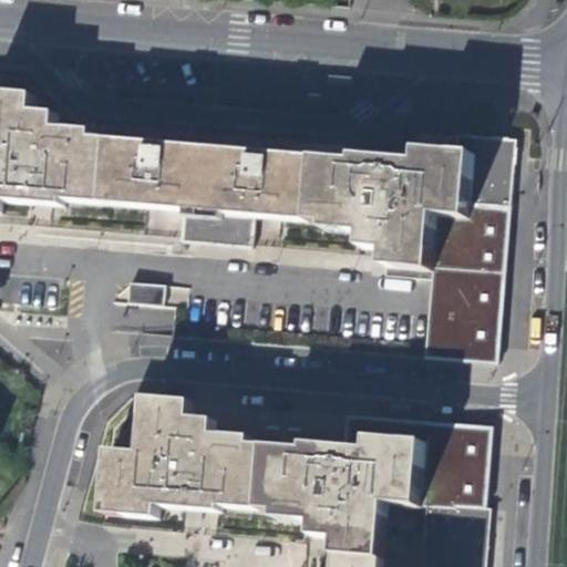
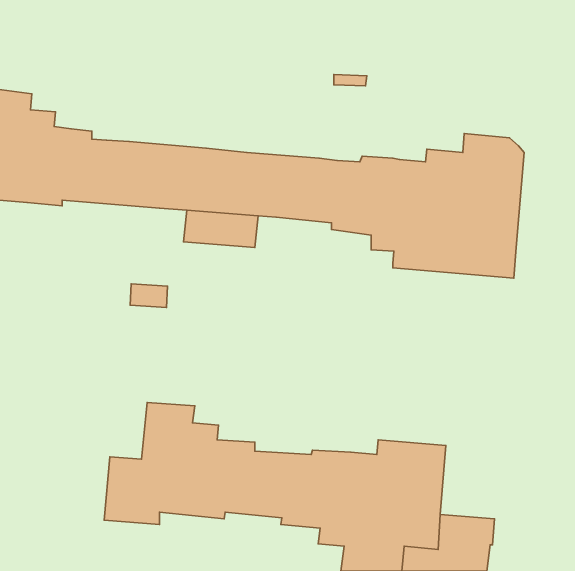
building: [384,262,503,358] -> none
building: [343,411,491,508] -> none

